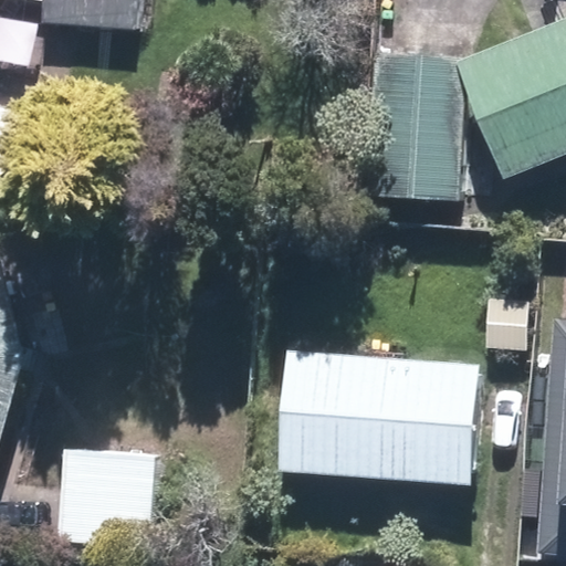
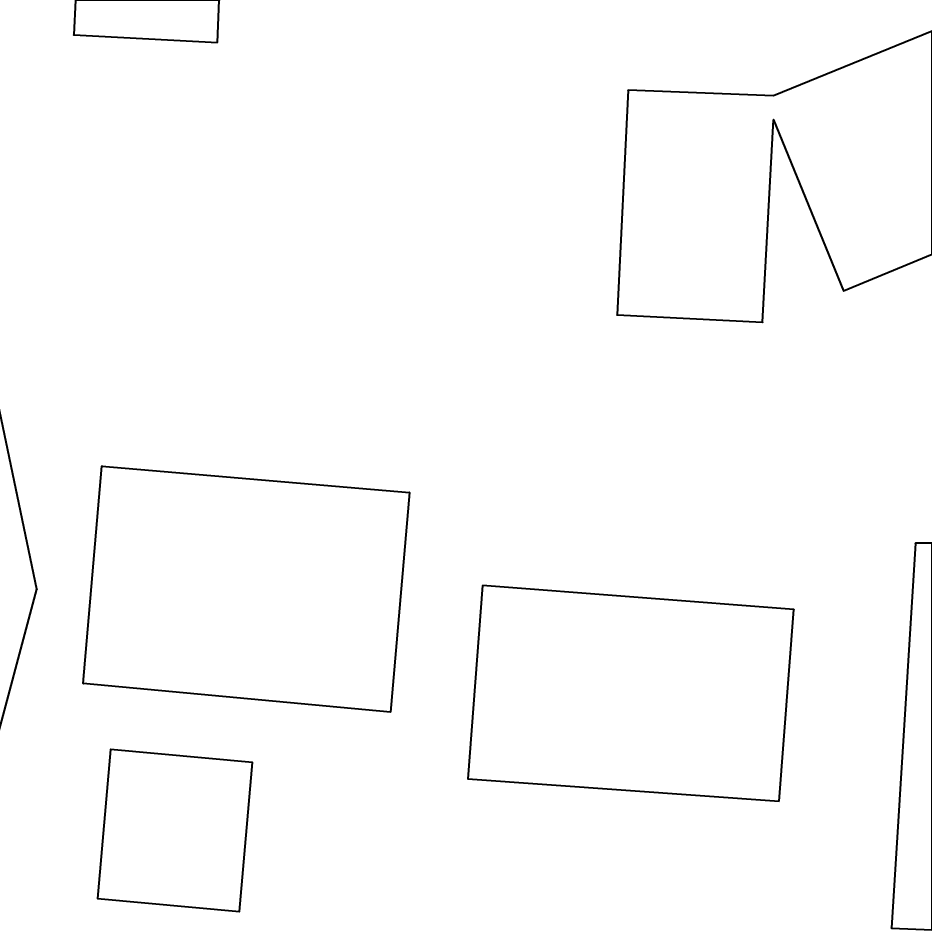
building: none -> [83,466,409,712]

